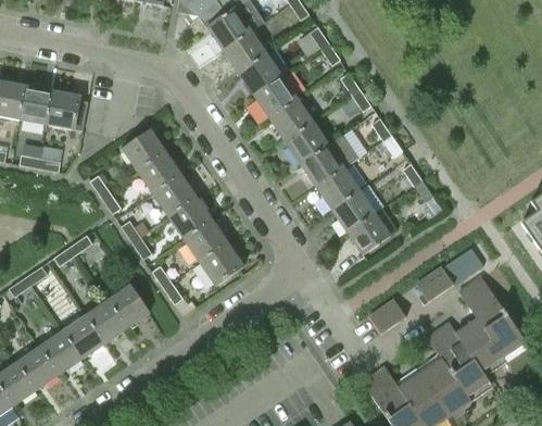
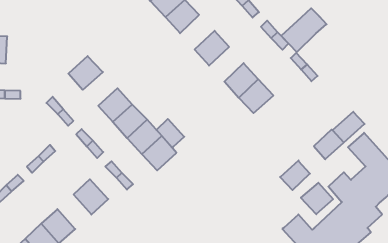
building: [46,90,87,130] -> none
building: [268,98,312,140] -> none
building: [299,134,357,186] -> [281,8,327,52]
building: [137,152,180,193] -> none
building: [345,206,396,254] -> none
building: none -> [156,119,184,147]
building: [84,300,125,343] -> none
building: none -> [301,183,333,214]

